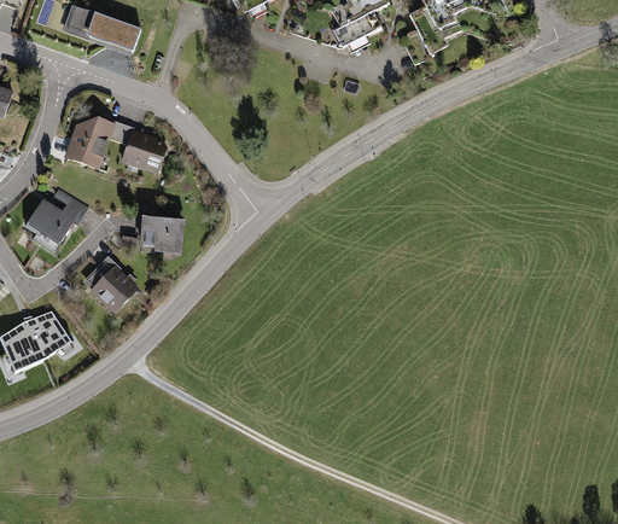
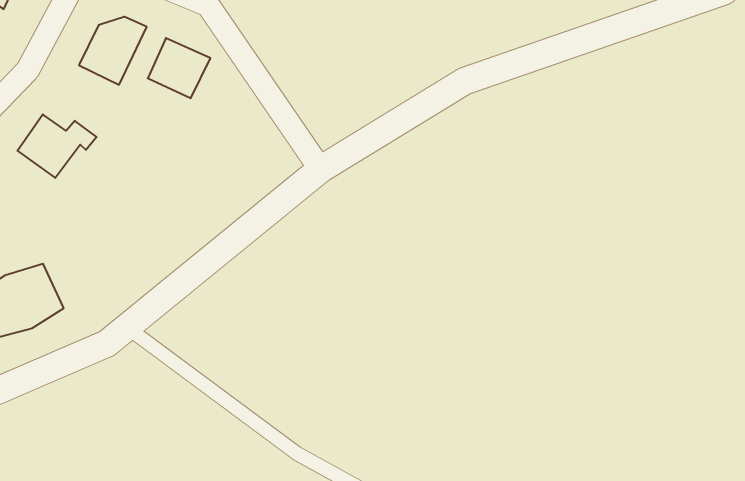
building: [139,212,182,250] -> none
building: [83,256,139,312] -> none

